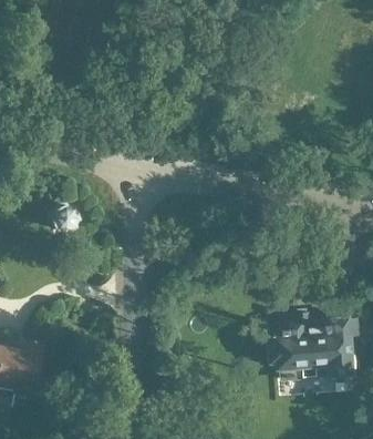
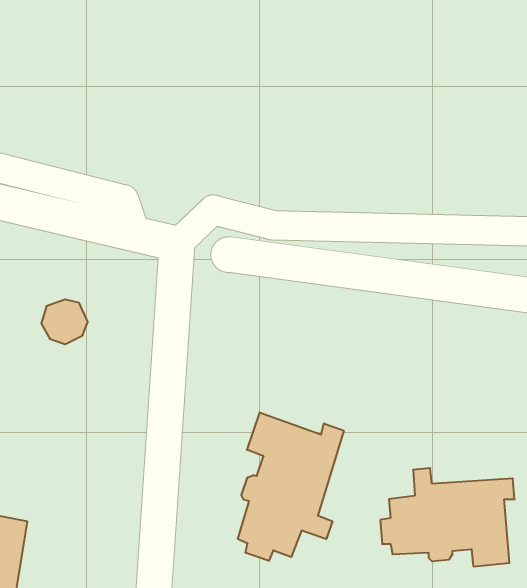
building: none -> [238,412,344,561]

